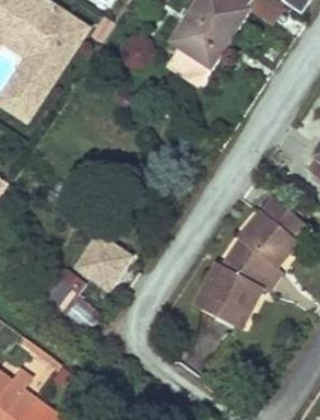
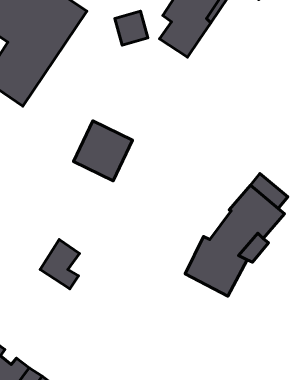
building: [73,229,133,290] -> [74,121,132,181]

